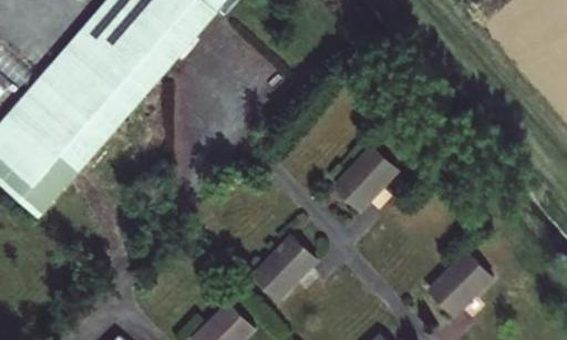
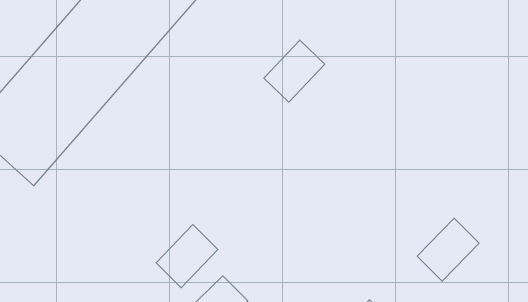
building: [336,145,398,208] -> [264,40,325,102]
building: [252,236,316,300] -> [156,225,218,288]

